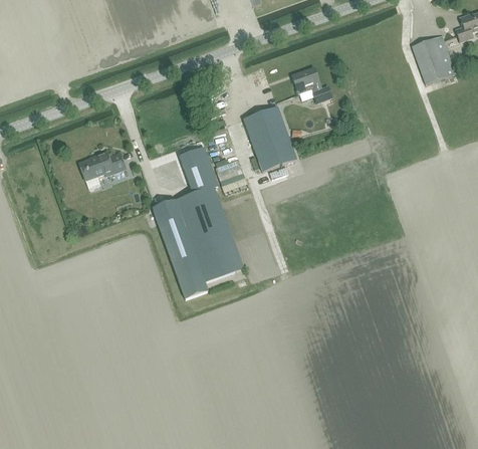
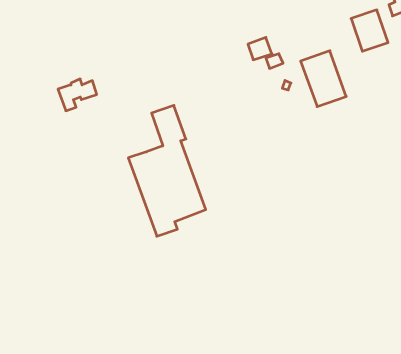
building: [242,105,295,171] -> [301,51,346,107]
building: [79,150,125,187] -> [58,79,97,111]

